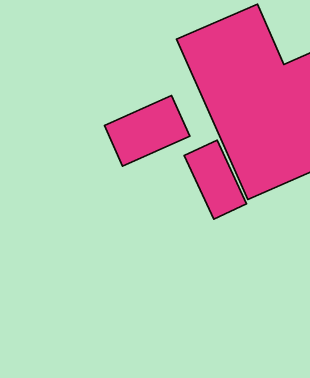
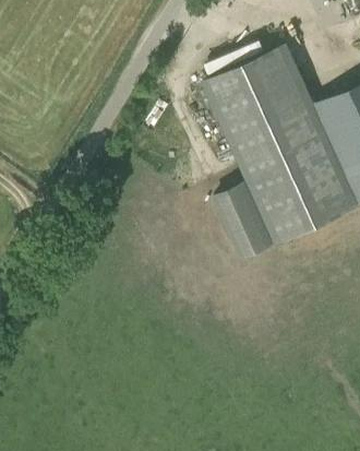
building: [105,96,190,166] -> none

